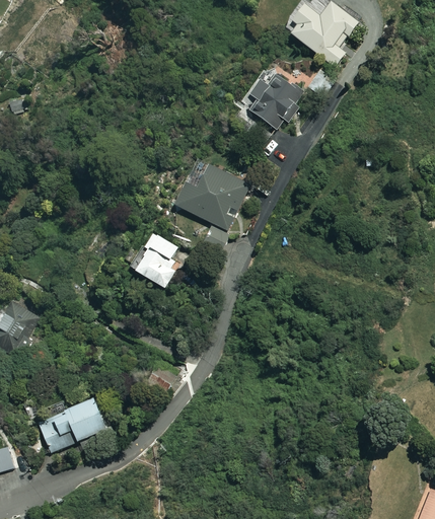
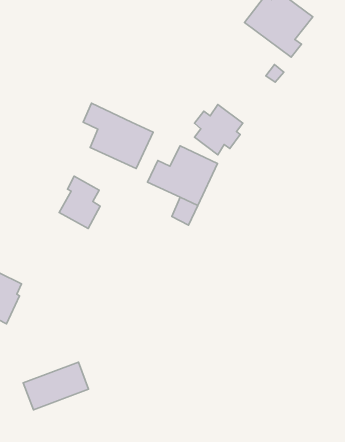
building: [249,72,302,127] -> [194,105,243,155]
building: none -> [83,103,153,169]
building: [137,231,182,288] -> [59,176,100,228]

